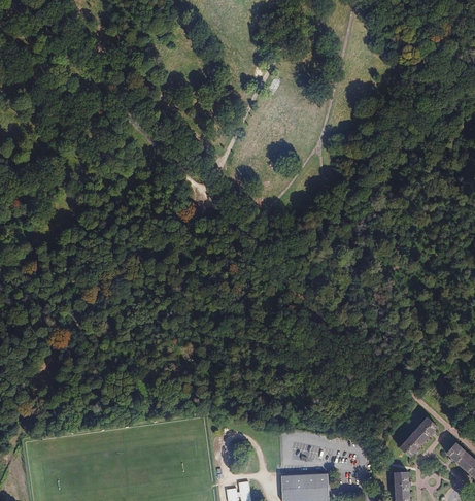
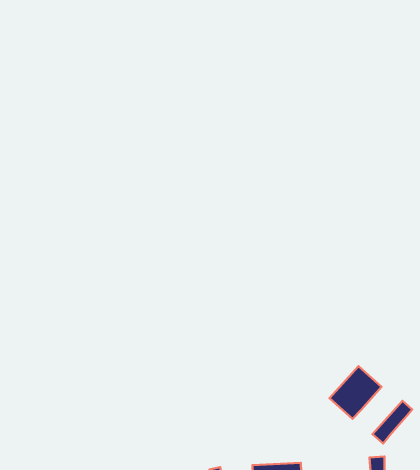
building: none -> [330,366,381,419]

